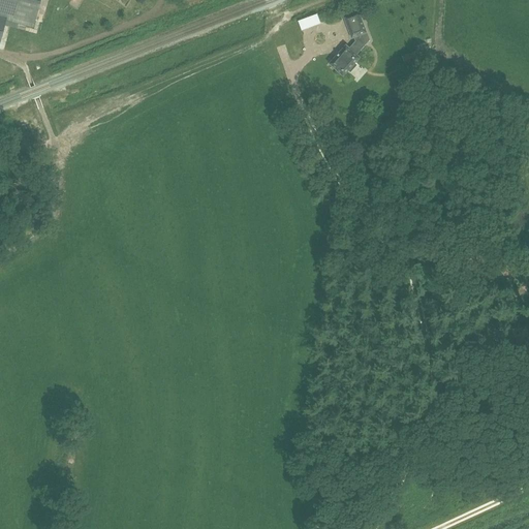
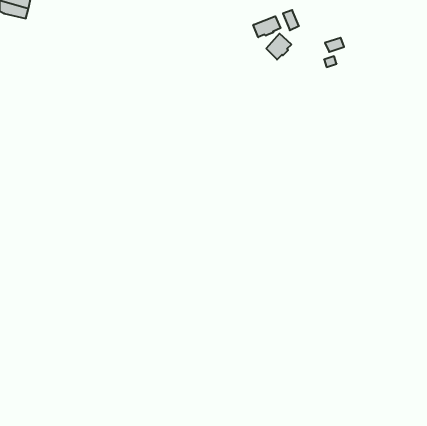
building: none -> [253,16,281,37]

